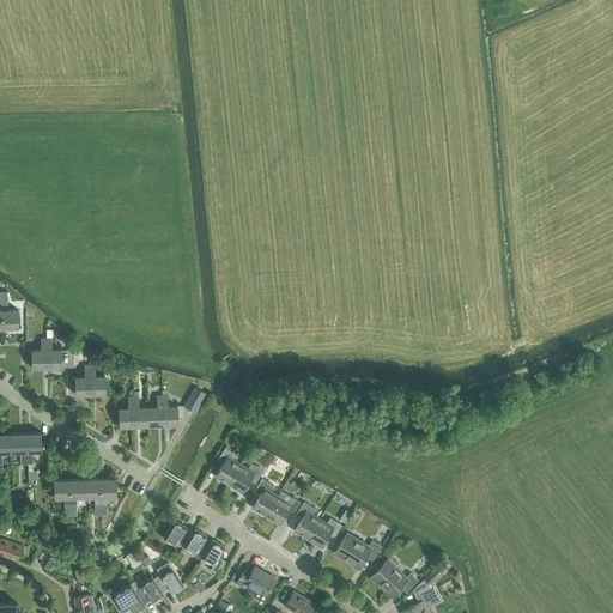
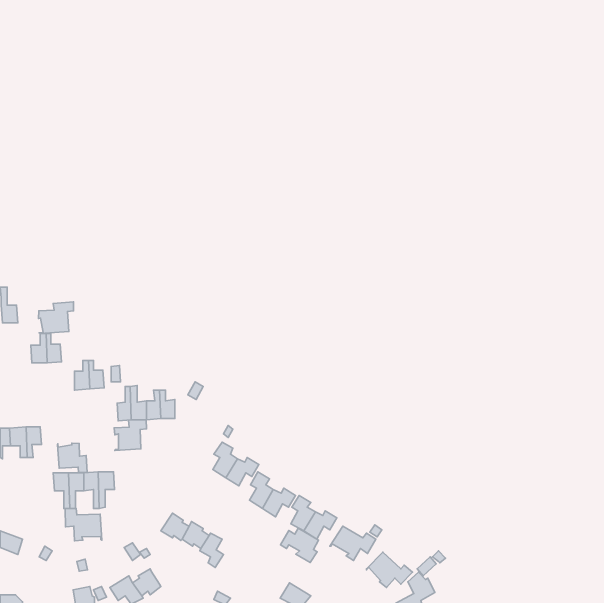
building: none -> [39,302,74,333]
building: none -> [114,420,147,450]
building: none -> [57,443,87,472]
building: none -> [65,508,102,541]
building: [153,563,183,594] -> none
building: [236,568,274,602] -> [281,528,318,563]

